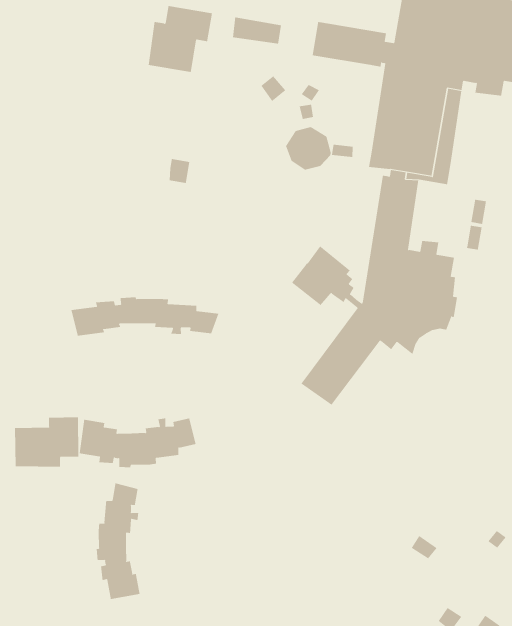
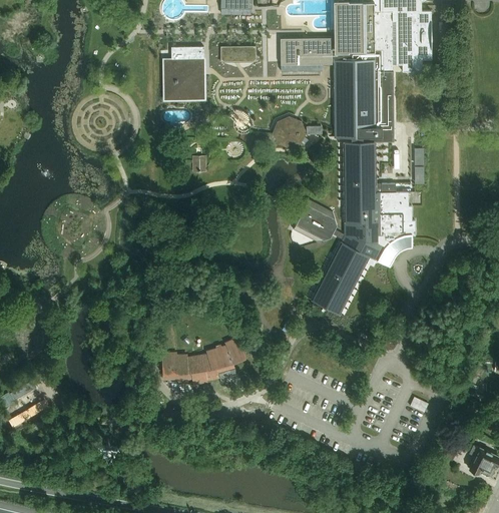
building: [71,297,219,337] -> none
building: [15,417,79,467] -> none
building: [96,483,140,600] -> none

